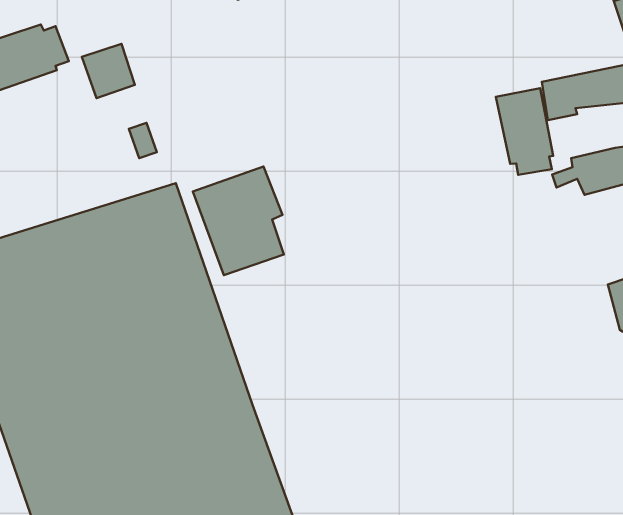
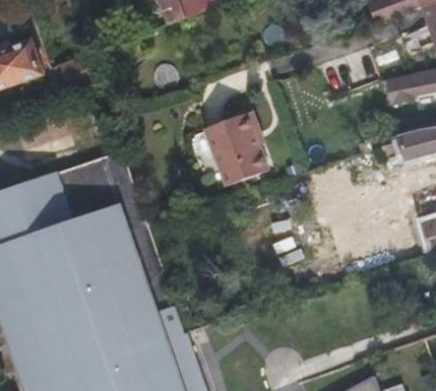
building: [496,88,553,175] -> none
building: [193,166,284,275] -> [203,111,266,186]

